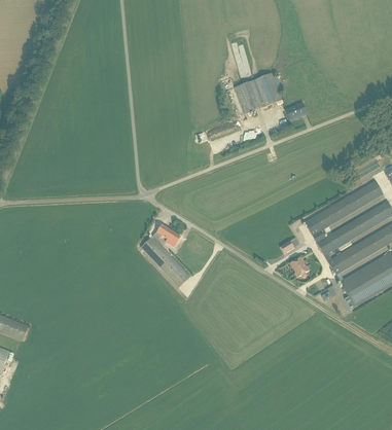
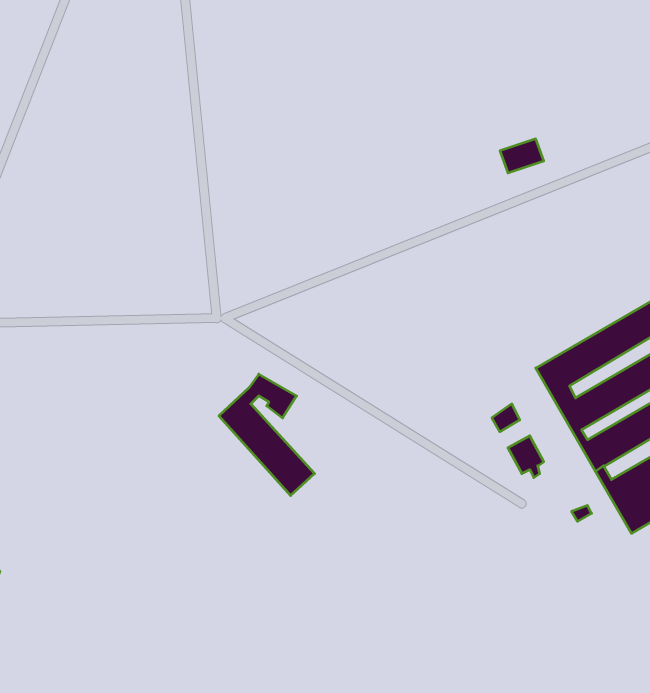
building: [235,71,283,113] -> none

